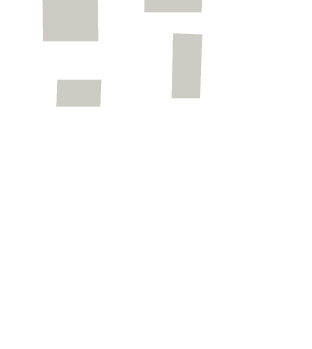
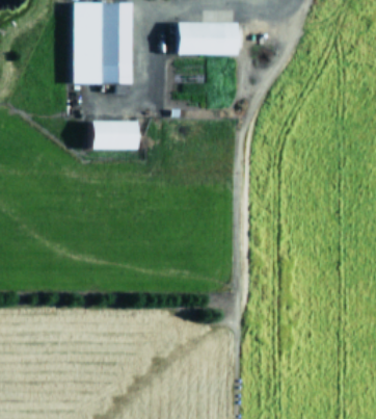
building: [171,33,203,99] -> none

